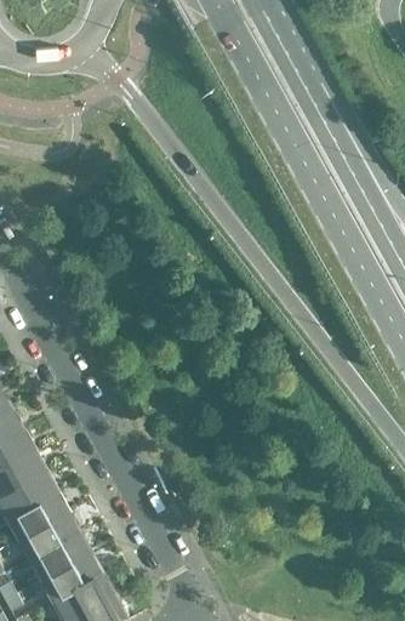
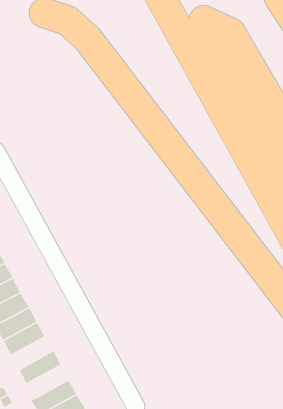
building: [16,512,81,563] -> none
building: [42,552,103,599] -> none

